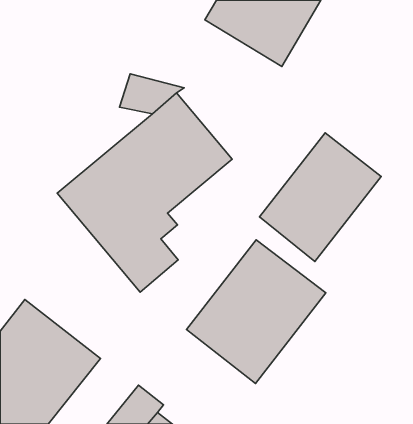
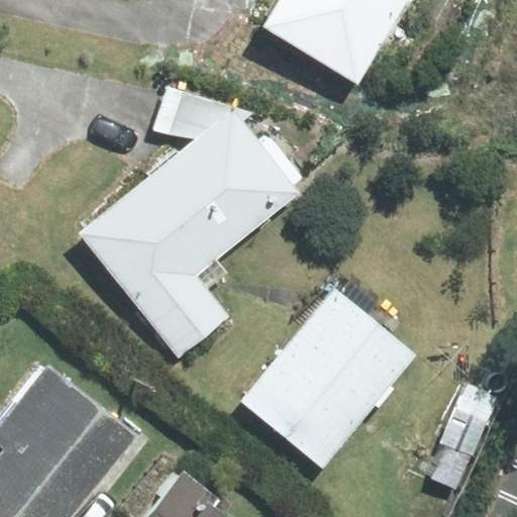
building: [259,133,381,261] -> none

